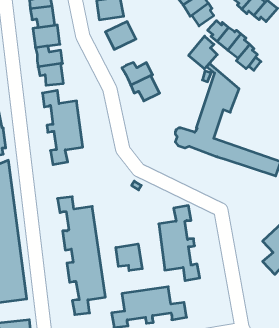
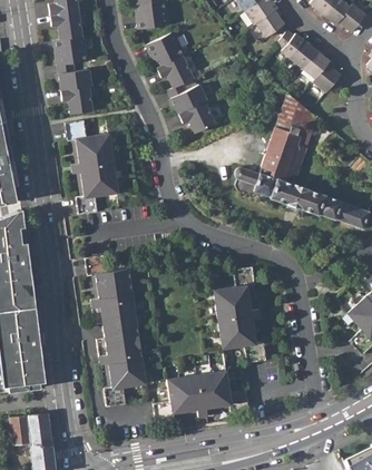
building: [189,36,217,69] -> none
building: none -> [157,55,193,87]
building: [116,244,142,271] -> none

